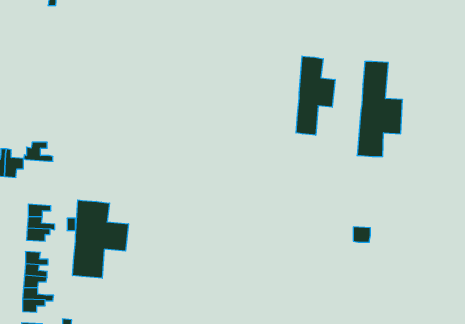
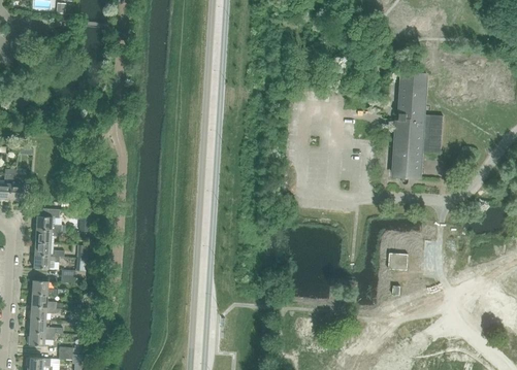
building: [296,56,335,135] -> none
building: [23,142,53,161] -> [33,210,65,231]
building: [73,200,128,278] -> none

